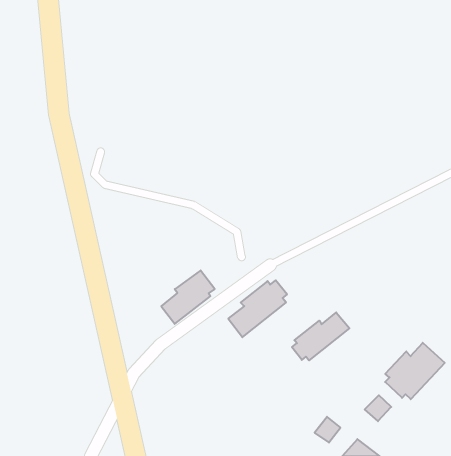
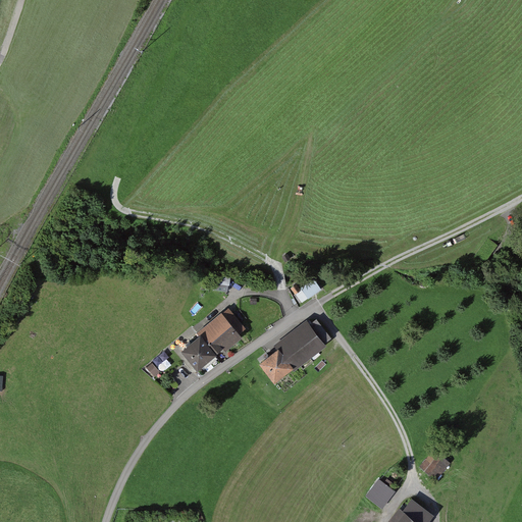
building: [292,312,349,360] -> none
building: [385,343,445,399] -> none

